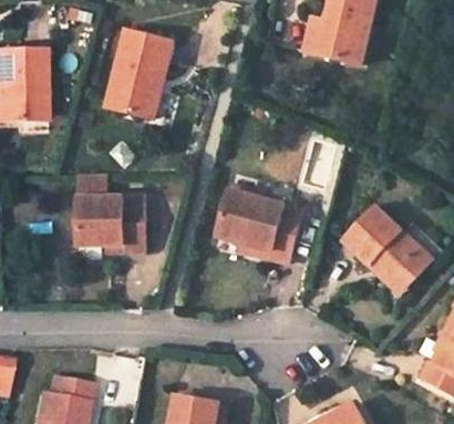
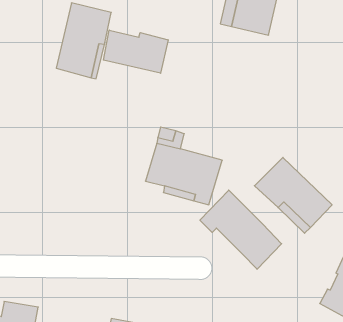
building: none -> [103,30,168,73]
building: [76,175,146,250] -> none
building: none -> [200,190,282,269]

